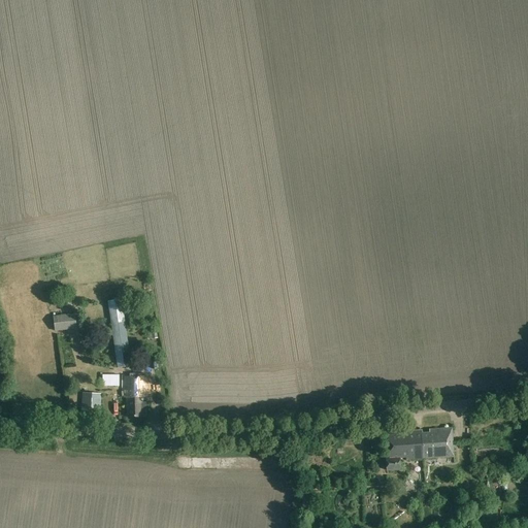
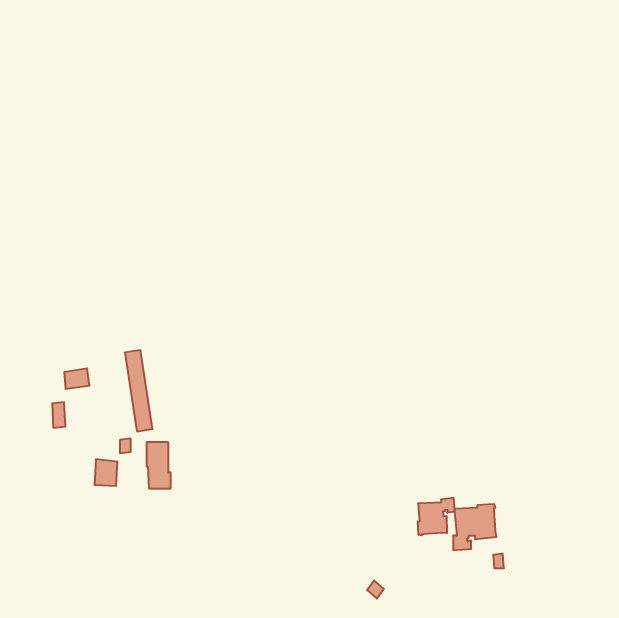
building: none -> [418,498,454,535]
building: [421,427,453,457] -> none

